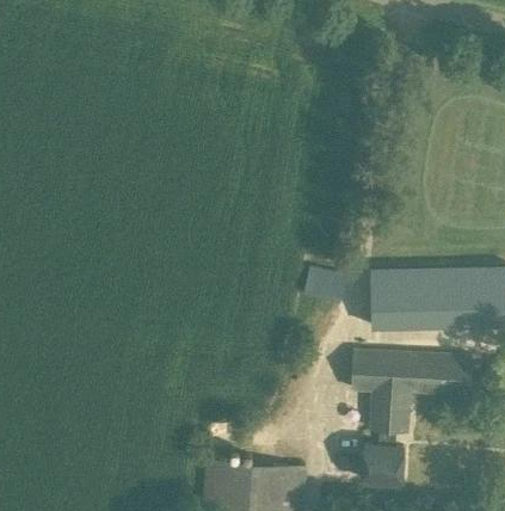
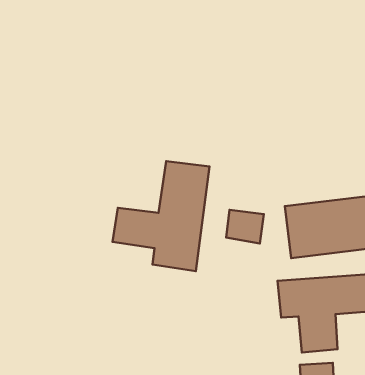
building: none -> [112,161,210,271]

